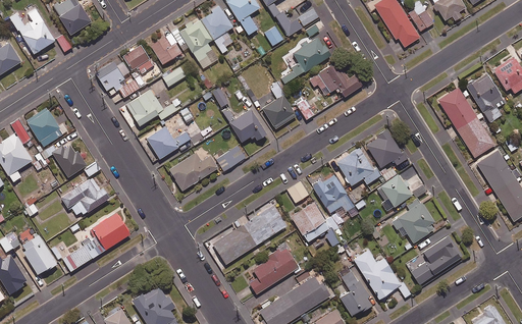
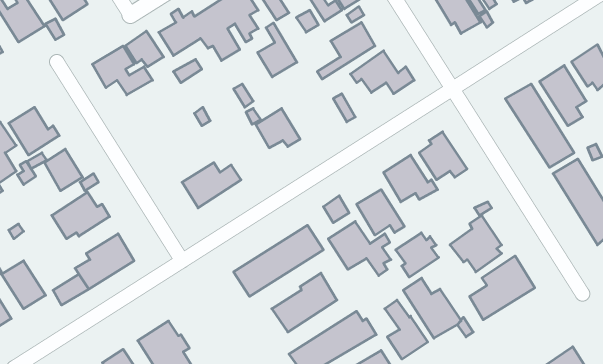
building: [263,83,296,127] -> [258,23,297,77]
building: [125,89,176,125] -> none
building: [143,125,191,160] -> none
building: [216,145,245,171] -> none
building: [376,174,412,211] -> [396,233,439,277]

